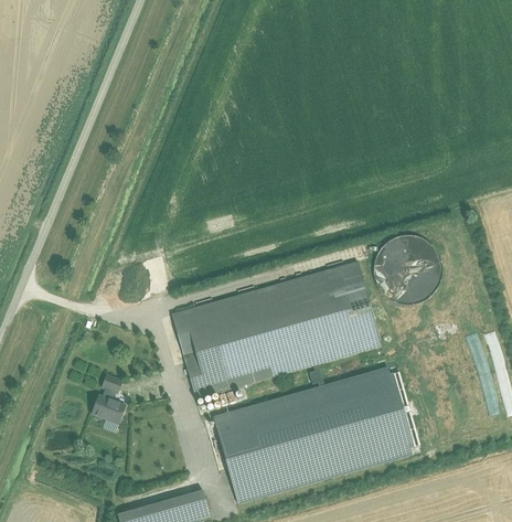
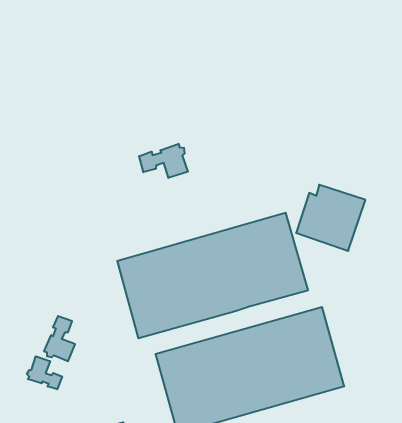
building: none -> [139,144,188,178]
building: none -> [27,356,62,389]

